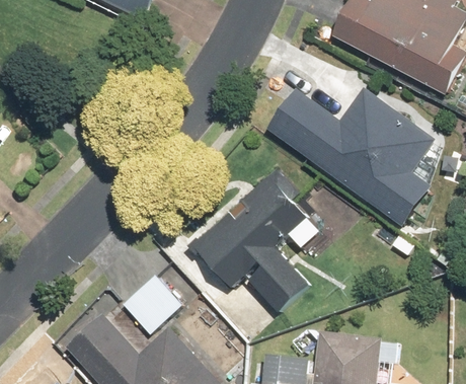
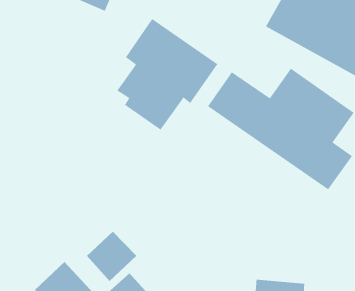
building: none -> [117,18,218,131]
building: [187,168,332,310] -> none

